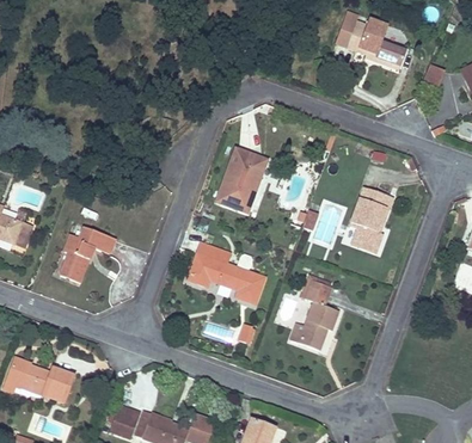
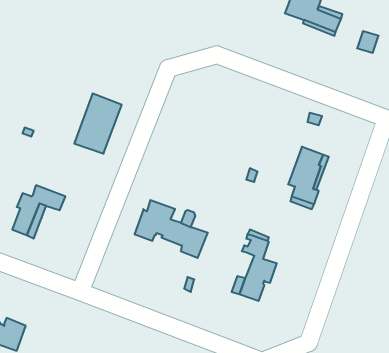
building: [216,148,266,211] -> [74,94,122,154]

